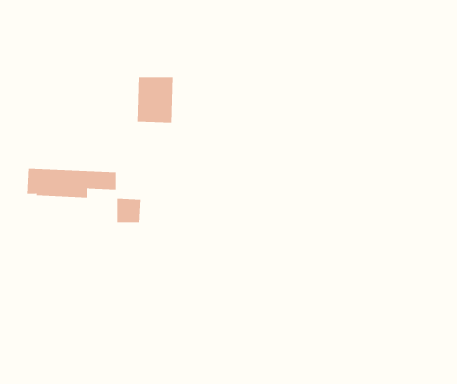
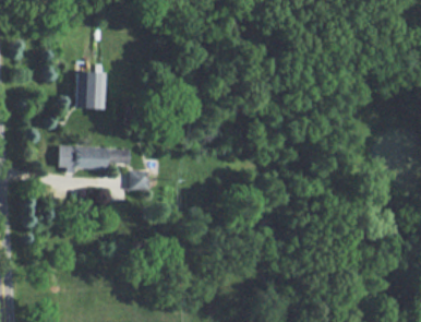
building: [137,77,174,123] -> [75,71,105,108]

